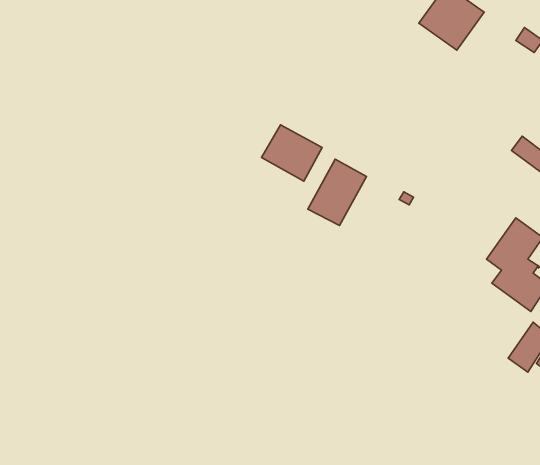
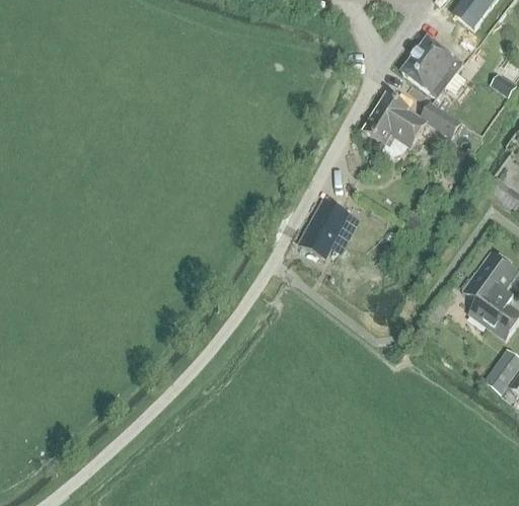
building: none -> [364,92,461,145]
building: [262,125,322,181] -> none

